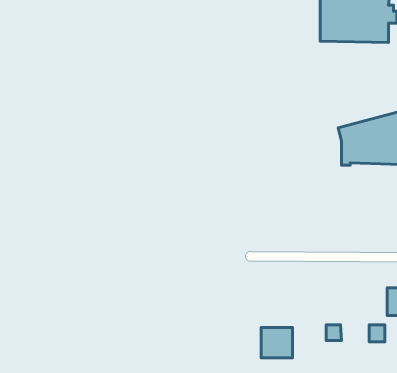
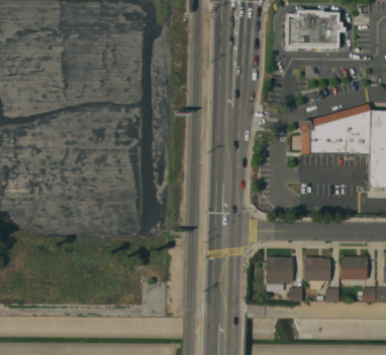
building: none -> [304,258,330,281]
building: [261,328,292,358] -> [266,258,292,283]

